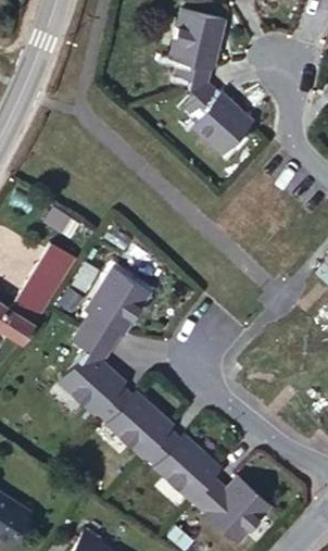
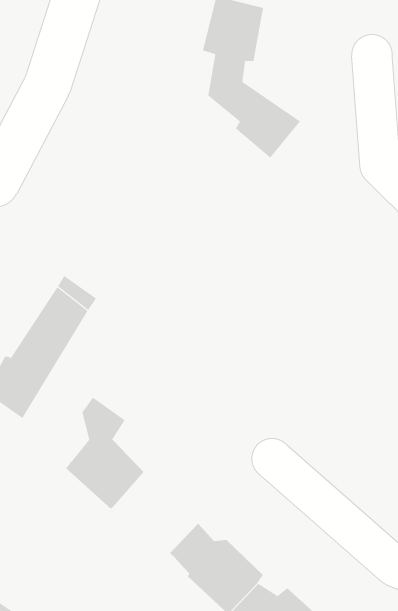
building: [81,273,153,347] -> none
building: [98,388,167,459] -> none

